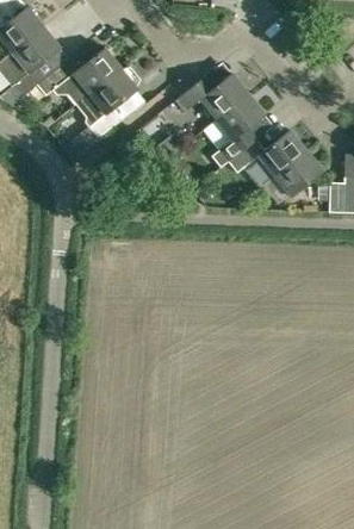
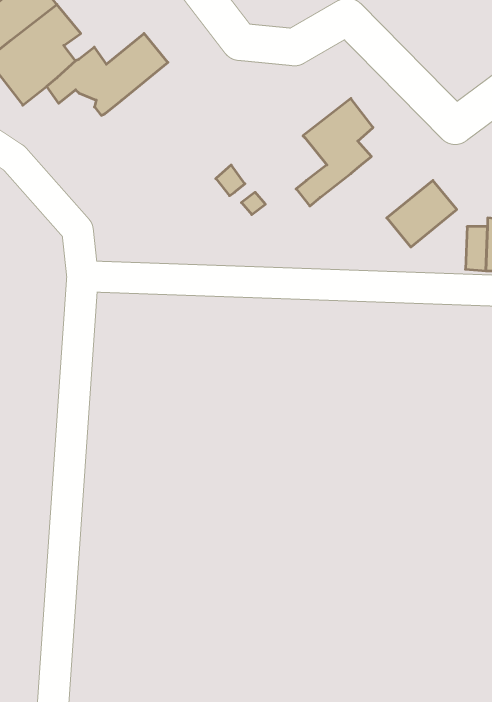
building: [77,67,141,137] -> none
building: [175,70,249,118] -> none
building: [228,129,306,175] -> none

